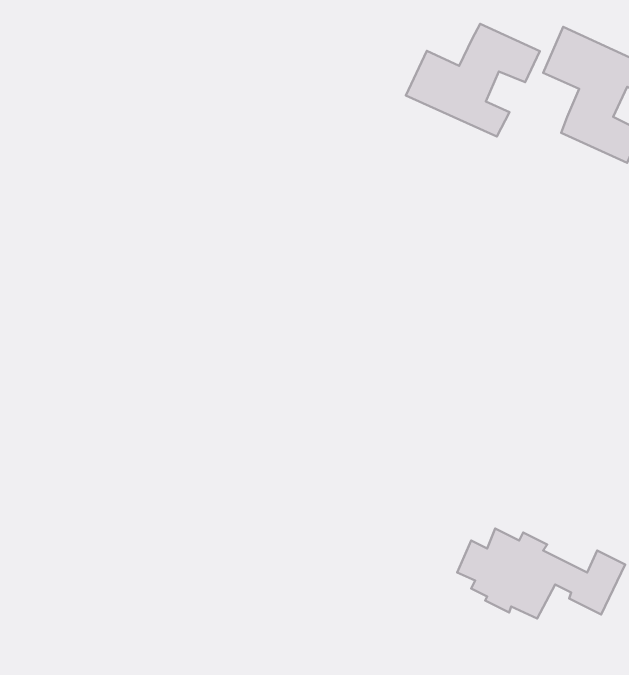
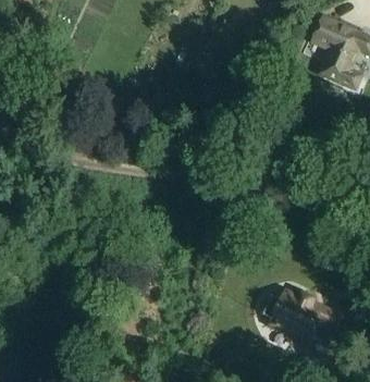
building: [406,24,540,136] -> none

